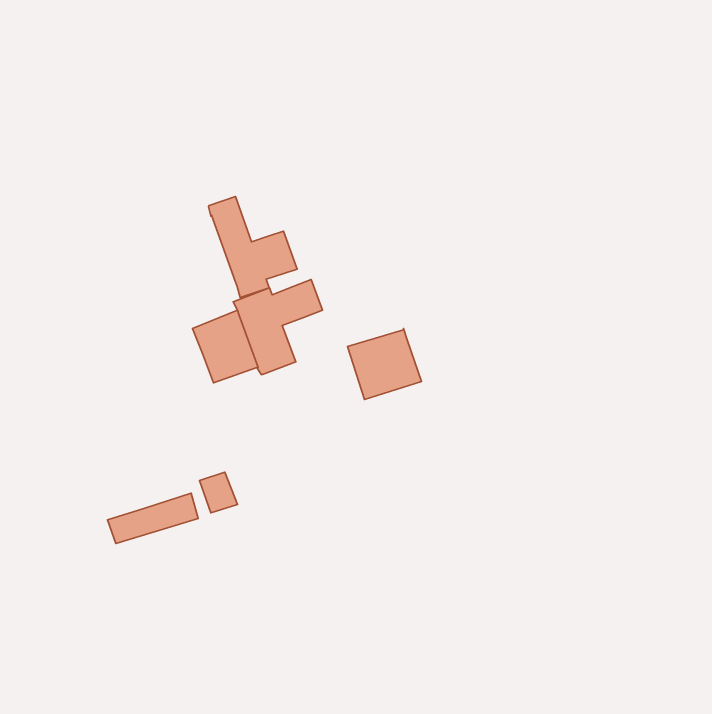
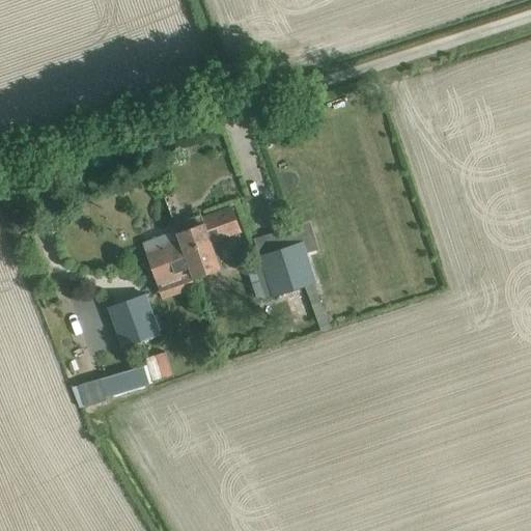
building: [208,196,297,297] -> none
building: none -> [109,295,164,347]

